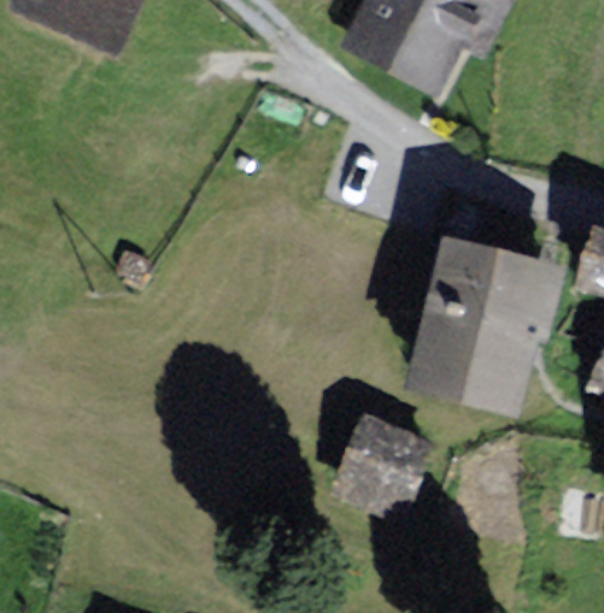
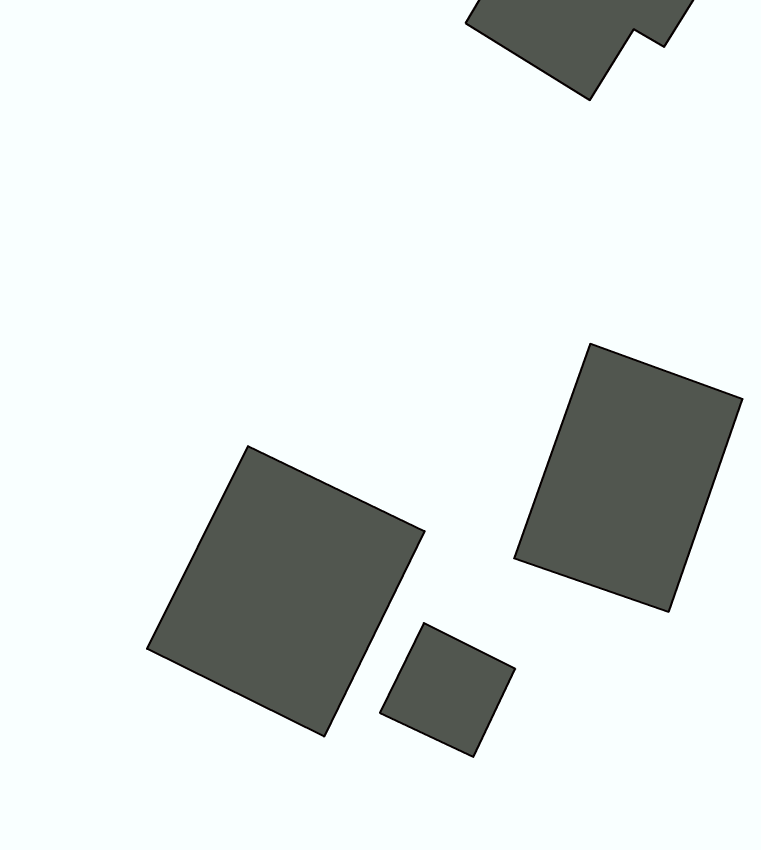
building: none -> [147,446,425,737]

